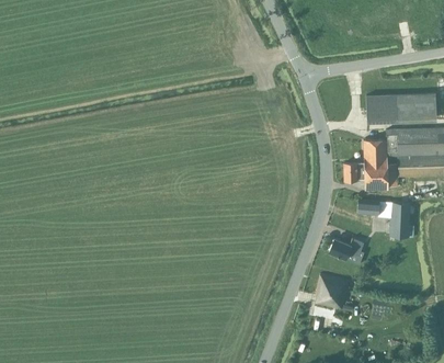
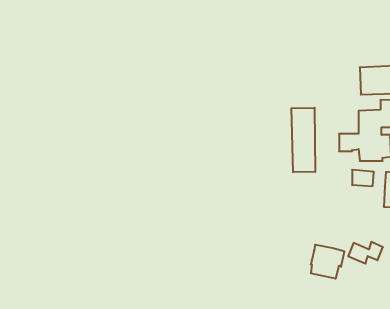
building: none -> [291,108,315,172]
building: [330,238,365,260] -> [348,242,383,264]

